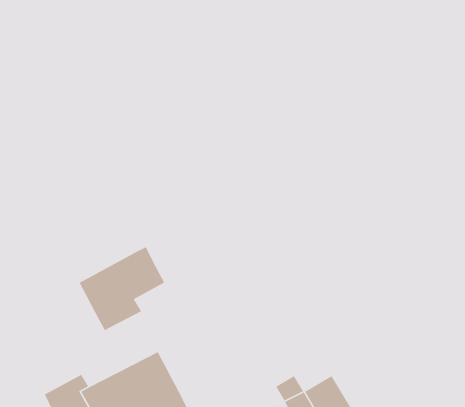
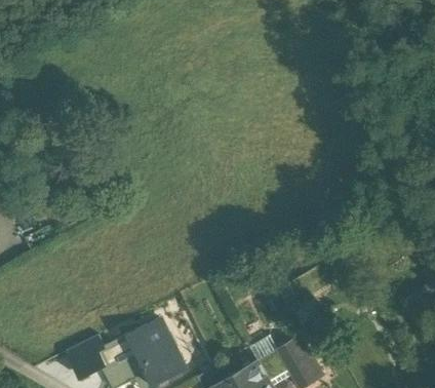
building: [78,246,165,331] -> none

